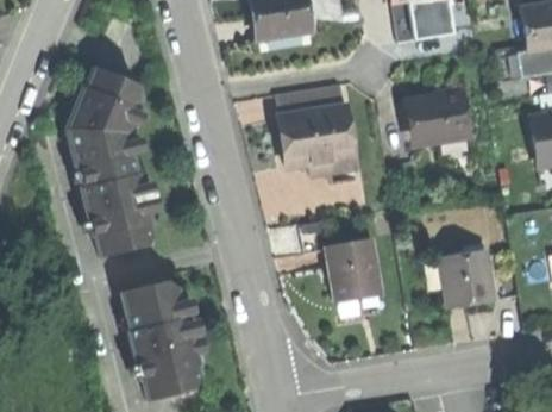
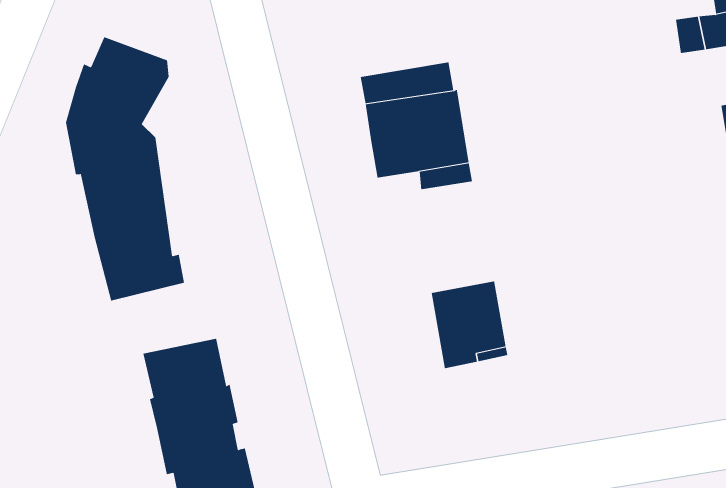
building: [410,90,466,143] -> none
building: [440,250,493,307] -> none

